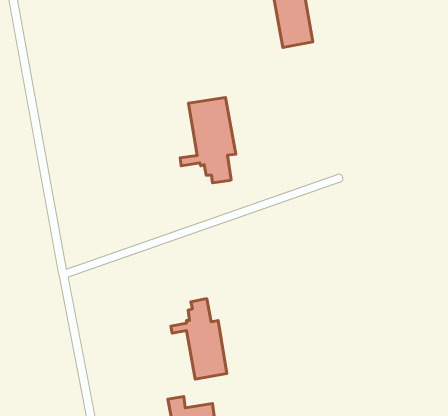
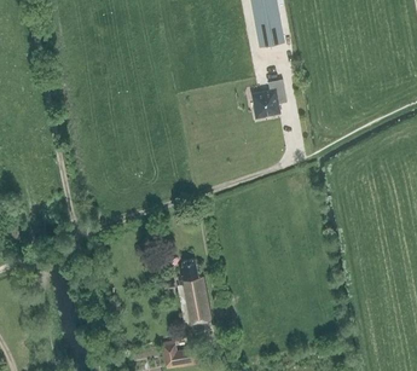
building: none -> [251,80,286,120]
building: [180,97,236,183] -> none

